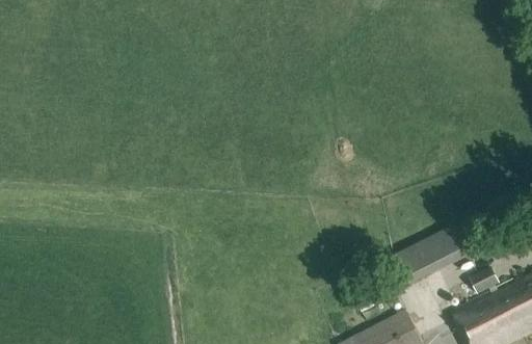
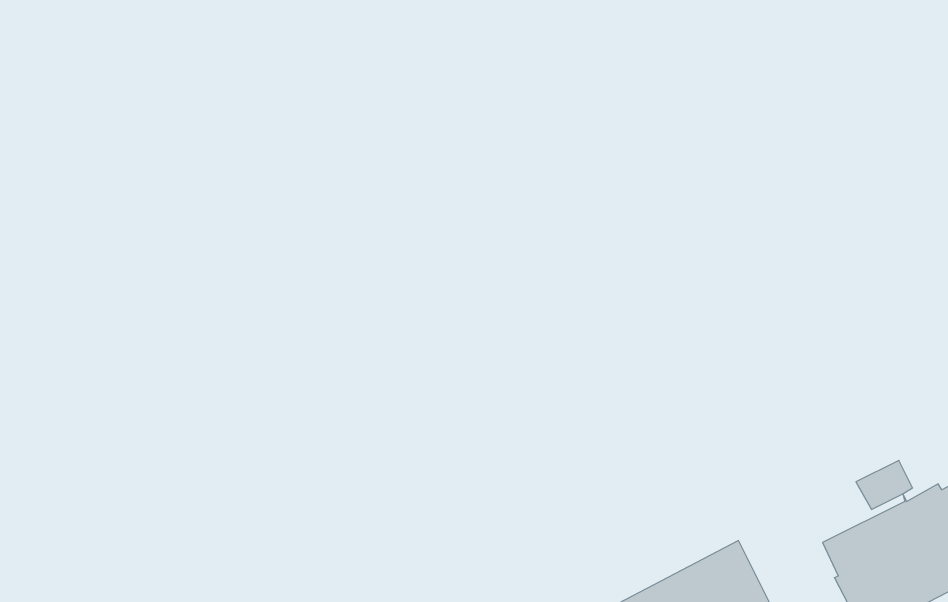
building: [394,224,471,287] -> none

